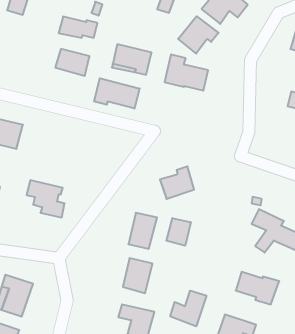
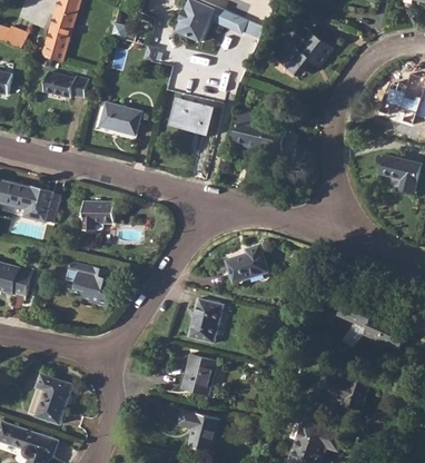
building: [178,16,219,54] -> none
building: [59,16,97,38] -> [42,71,89,97]
building: [94,78,140,109] -> none
building: none -> [82,200,115,229]
building: [166,218,191,246] -> none
building: [170,291,206,326] -> none

